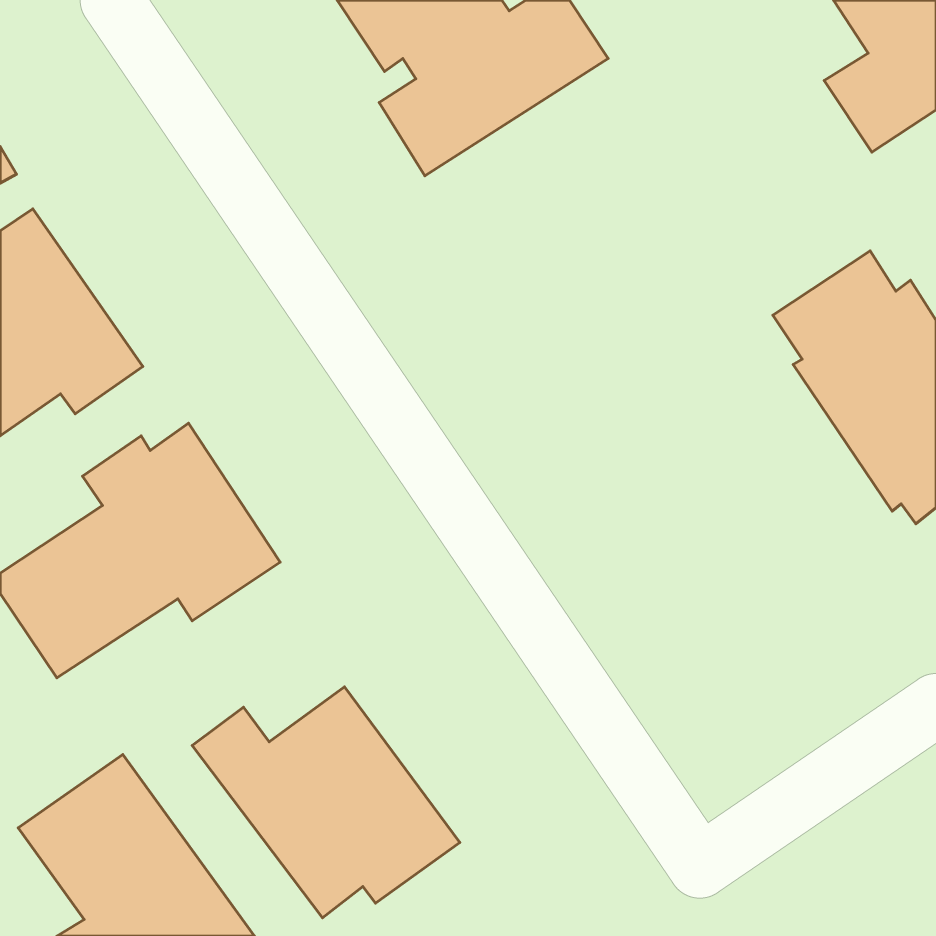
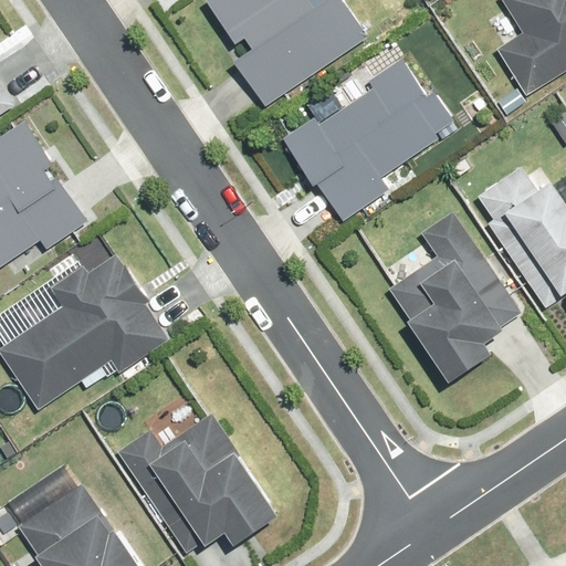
building: none -> [282,59,453,222]
building: none -> [385,211,528,381]

